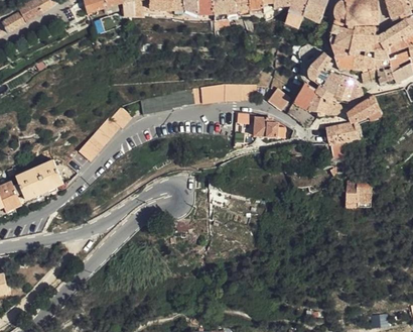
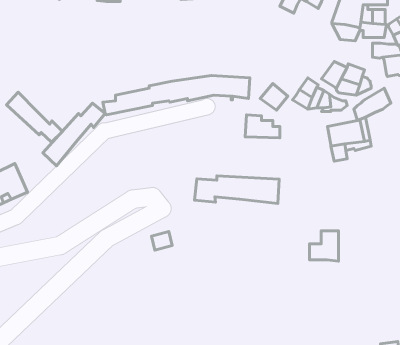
building: [308,50,330,85] -> none
building: [335,50,364,69] -> none
building: none -> [6,92,62,142]
building: none -> [195,176,279,203]
building: [347,180,372,206] -> [310,231,338,261]

